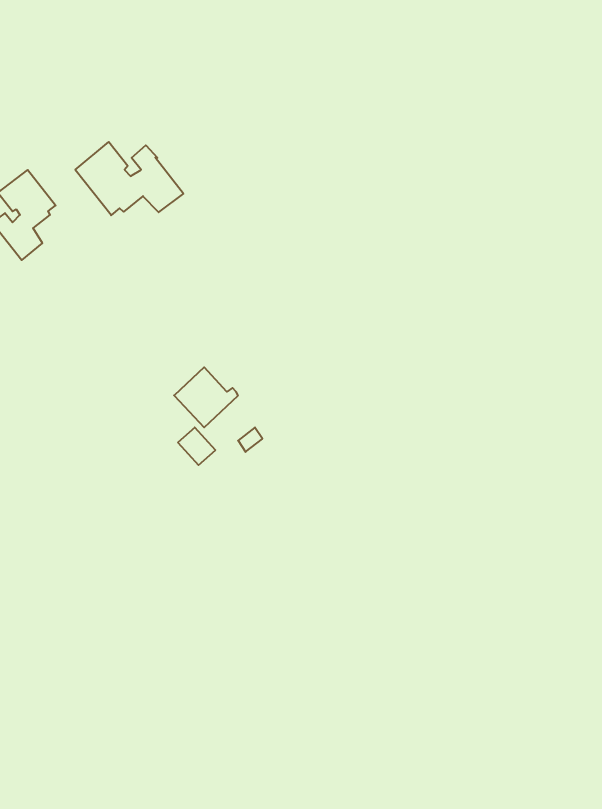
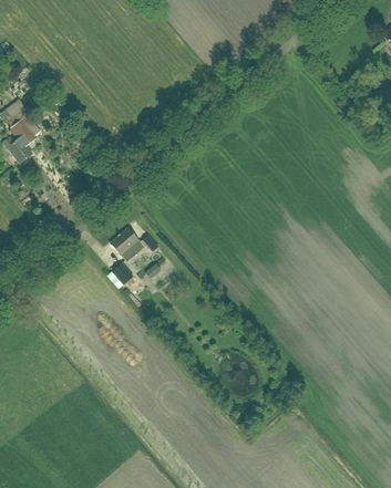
building: [75,142,183,215] -> none

